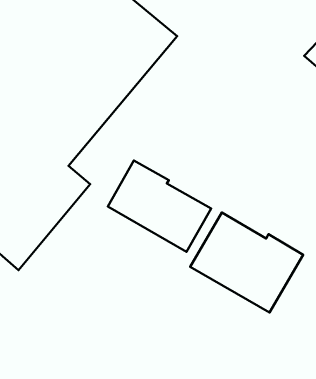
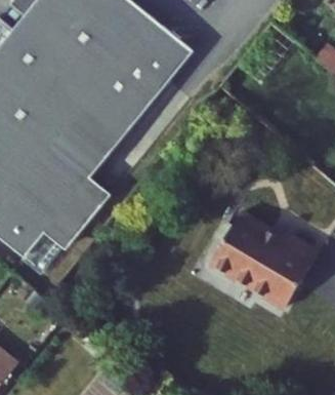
building: [108,161,211,252] -> none

